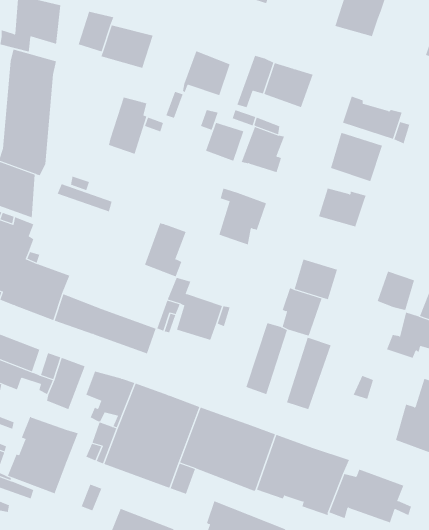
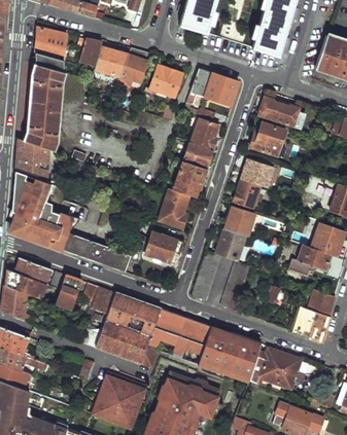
building: [108,97,147,154] -> [122,48,148,87]
building: [205,122,244,161] -> [187,142,214,169]
building: [144,223,187,277] -> [160,189,188,226]
building: [377,271,415,312] -> [234,180,259,208]
building: [7,416,79,494] -> none

